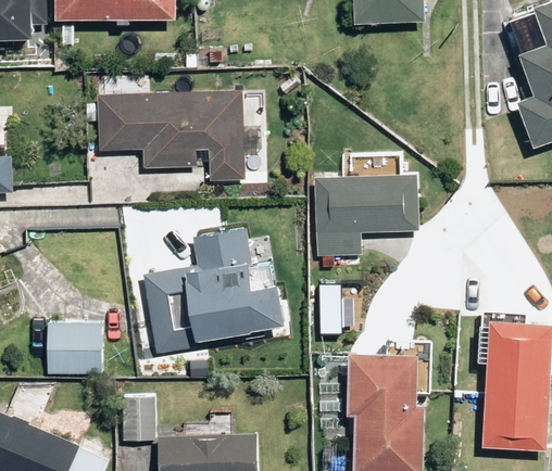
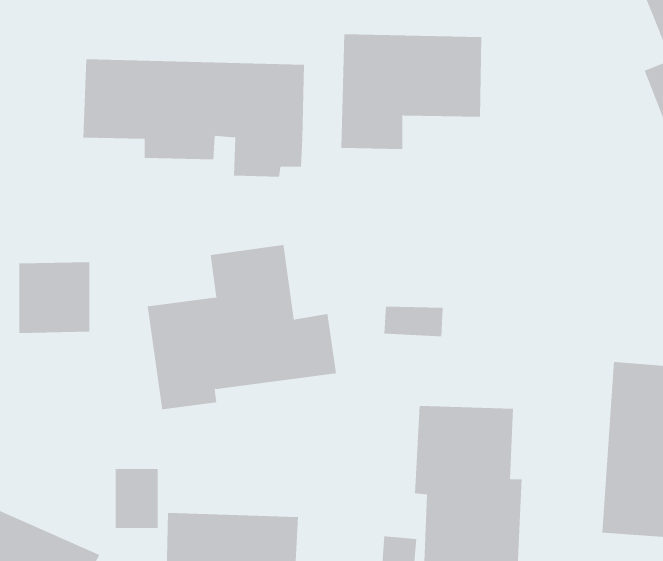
building: [313,173,418,258] -> [340,34,482,149]
building: [47,324,100,378] -> [18,262,90,333]

